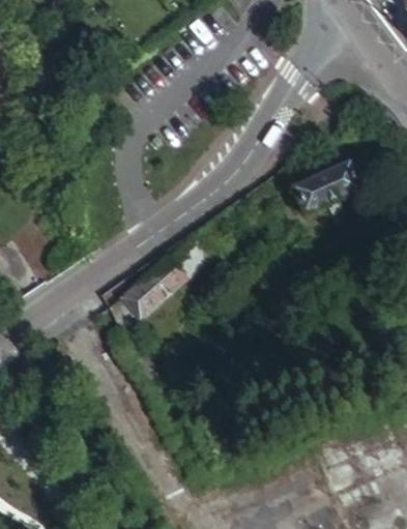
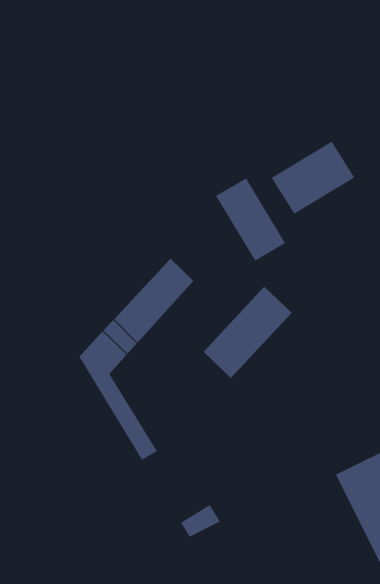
building: none -> [215,178,286,261]
building: none -> [203,286,292,379]

